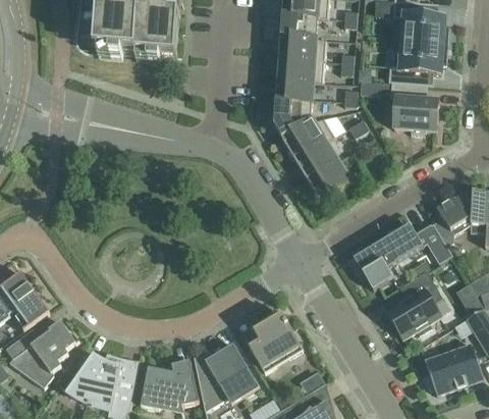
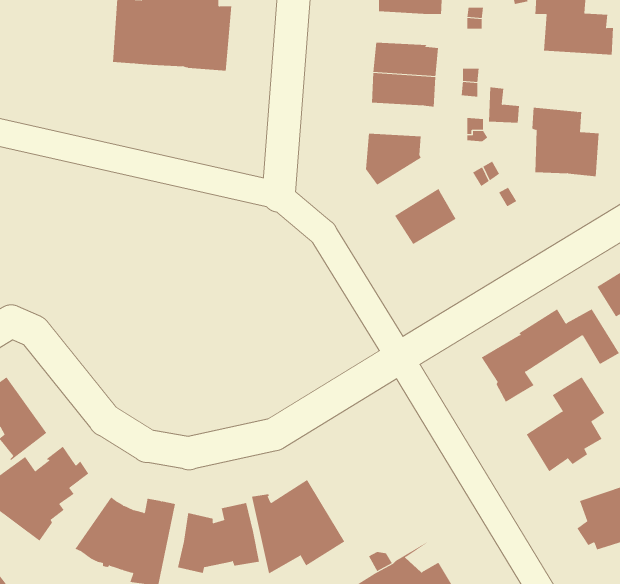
building: [280,14,318,38] -> none
building: [387,42,447,85] -> none
building: [275,78,314,102] -> none
building: [281,117,334,158] -> none
building: [307,160,350,200] -> none
building: [246,310,303,372] -> none

